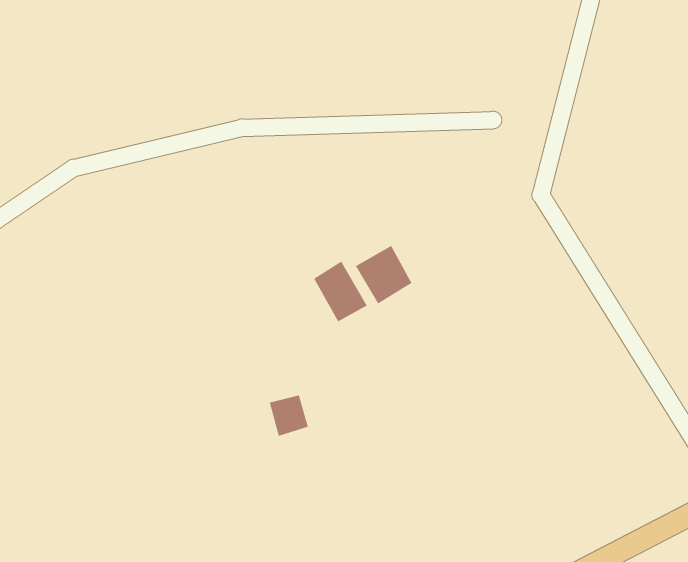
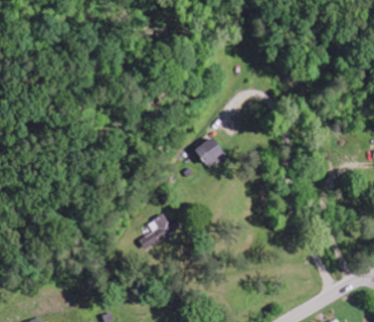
building: [313,260,368,322] -> none

